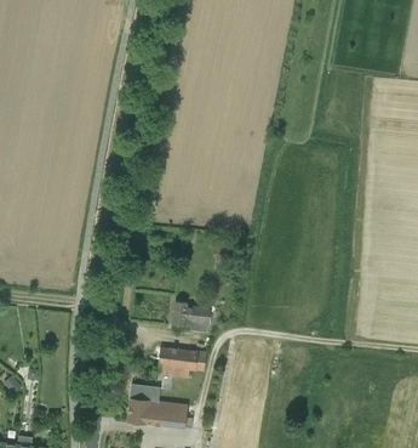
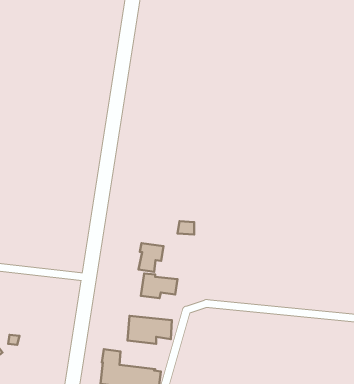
building: none -> [139,243,164,272]

